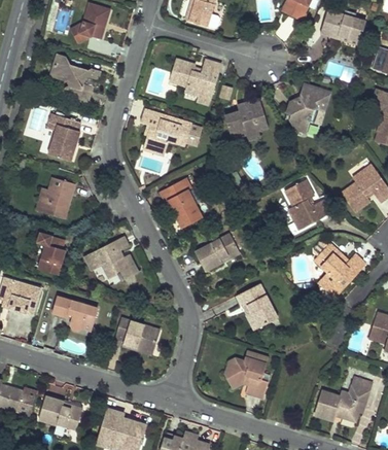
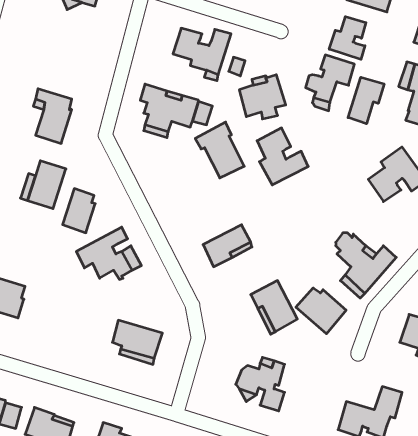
building: none -> [329,17,366,59]
building: [49,54,99,102] -> none
building: none -> [348,77,384,124]
building: [160,177,203,227] -> [195,122,244,178]
building: [285,179,330,230] -> [257,128,308,185]
building: [37,236,66,275] -> [63,189,95,233]
building: none -> [296,288,346,334]
building: [51,297,96,331] -> none

